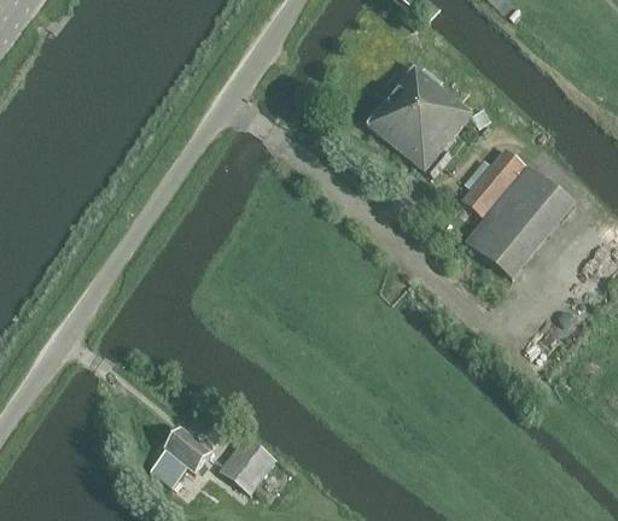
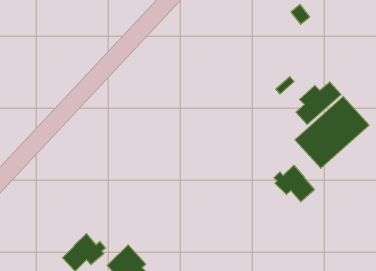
building: [366,65,472,170] -> none
building: none -> [274,165,314,202]

